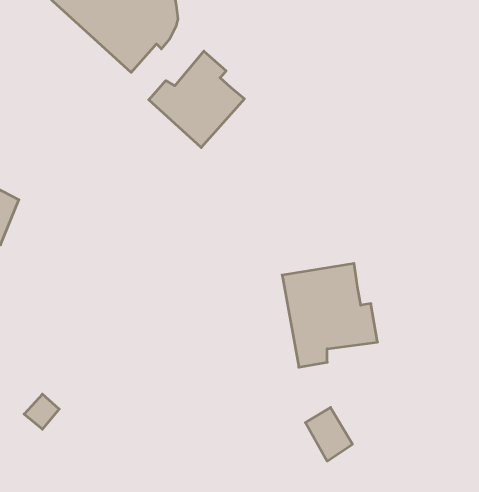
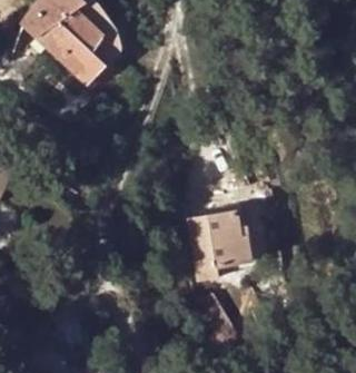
building: [149,51,244,148] -> none

